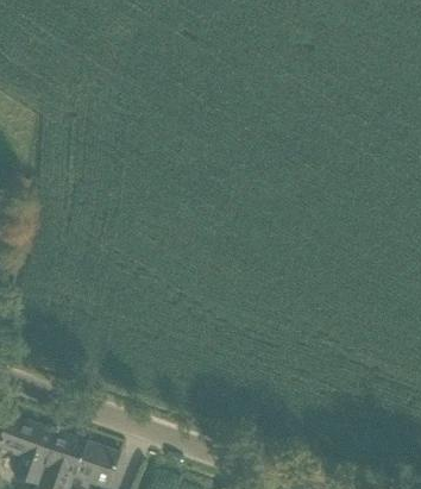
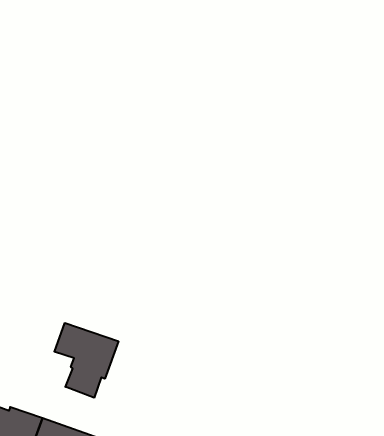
building: none -> [54,323,118,398]

